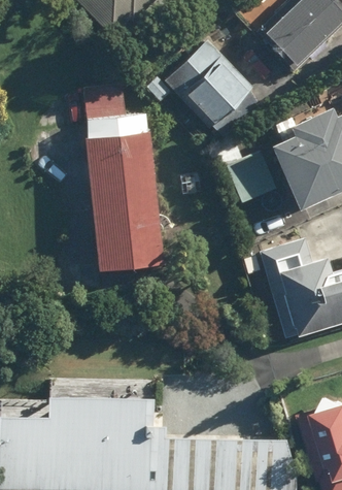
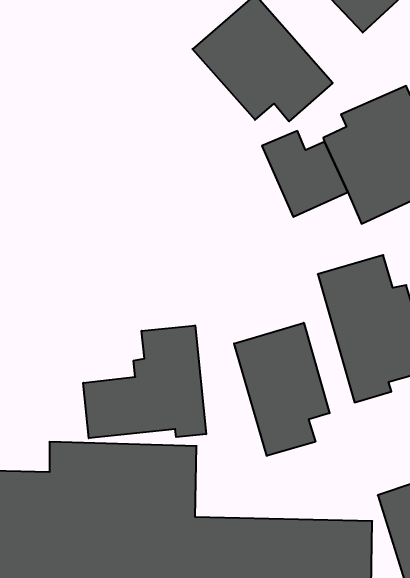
building: [80,110,161,274] -> none
building: none -> [234,323,330,456]
building: none -> [83,325,206,438]

